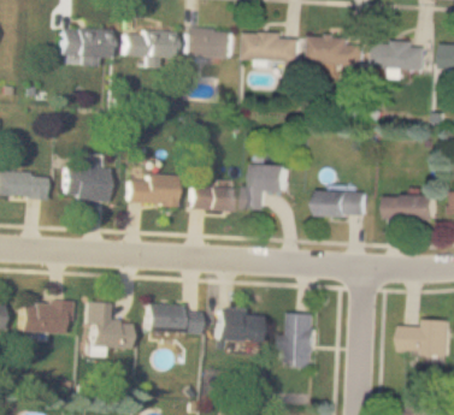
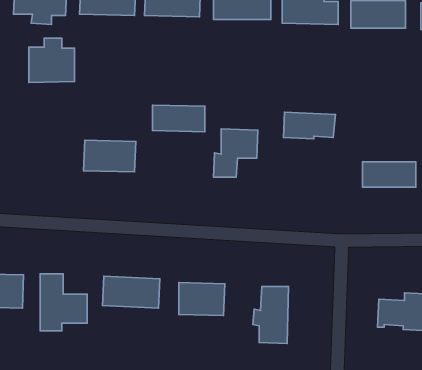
building: [60,158,104,200] -> [29,38,75,83]
building: [185,185,235,211] -> [152,105,205,132]
building: [319,190,368,215] -> [283,112,336,139]

